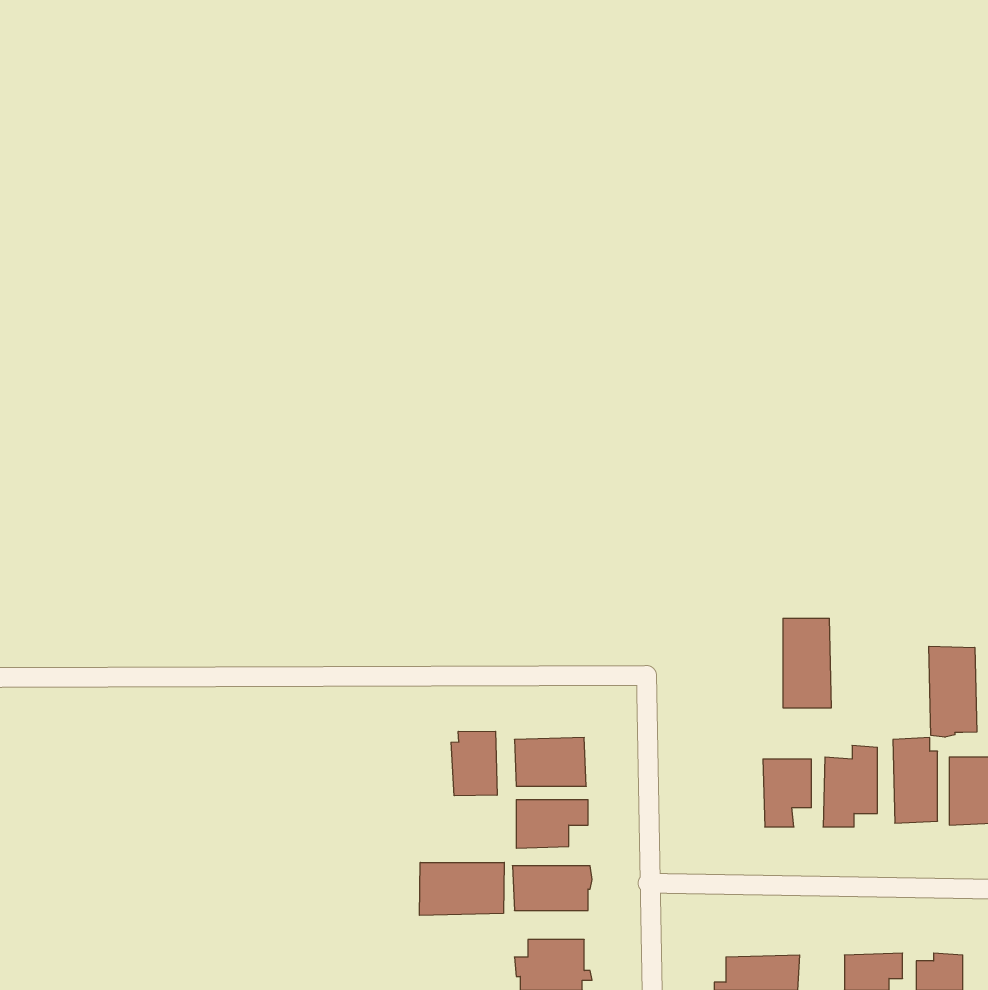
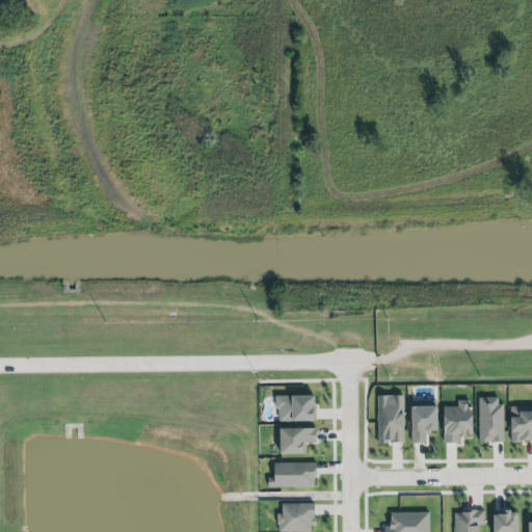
building: [783,618,831,708] -> [378,395,404,443]
building: [929,646,977,737] -> none
building: [451,731,497,796] -> none
building: [420,862,504,915] -> none

